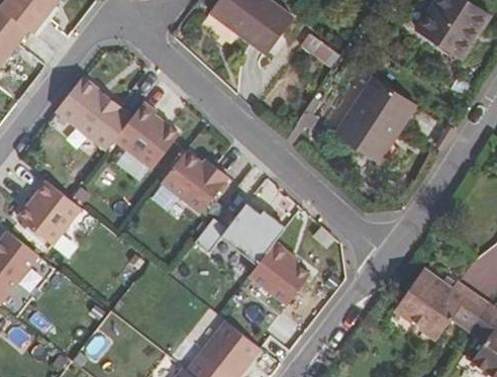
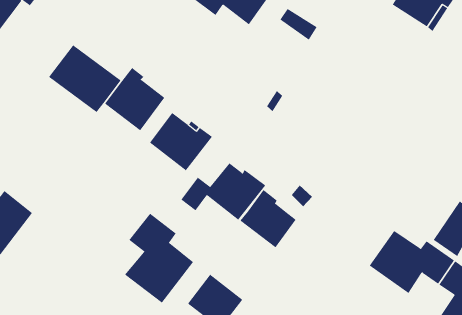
building: [335,82,413,165] -> none
building: [19,182,80,245] -> none
building: none -> [124,213,194,303]

